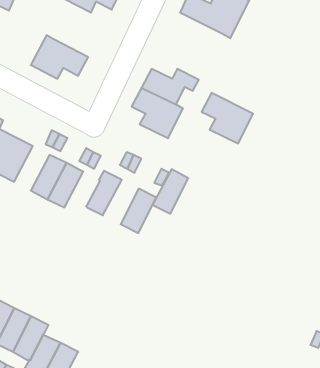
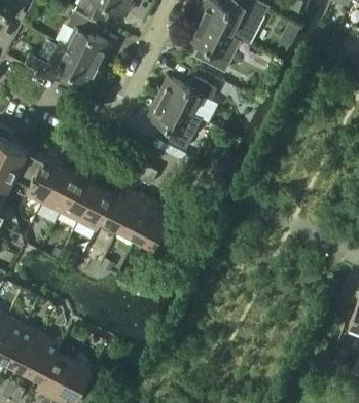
building: none -> [67,13,113,67]
building: [202,93,253,143] -> [188,21,242,73]
building: none -> [26,159,63,206]
building: [153,169,188,214] -> [118,194,155,241]
building: none -> [78,186,115,232]

